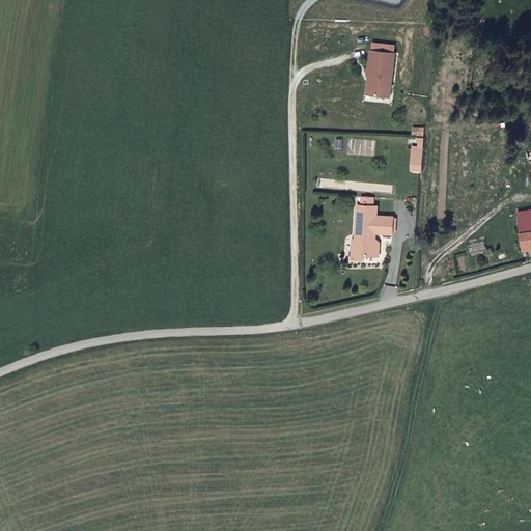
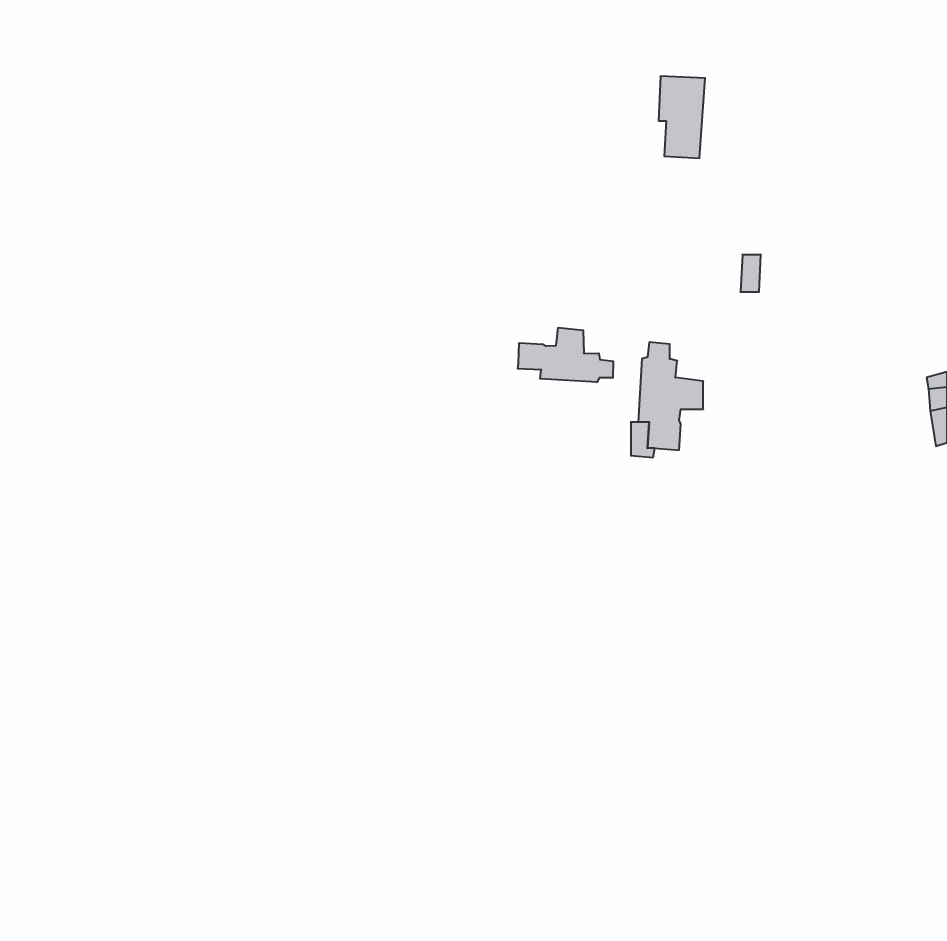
building: none -> [518,328,613,382]

